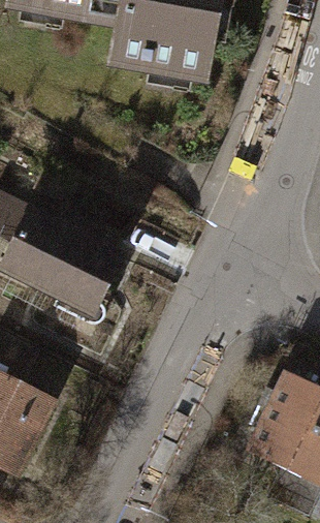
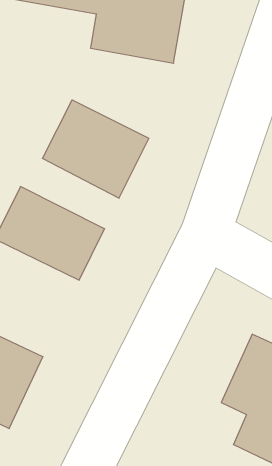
building: none -> [42,100,149,198]

